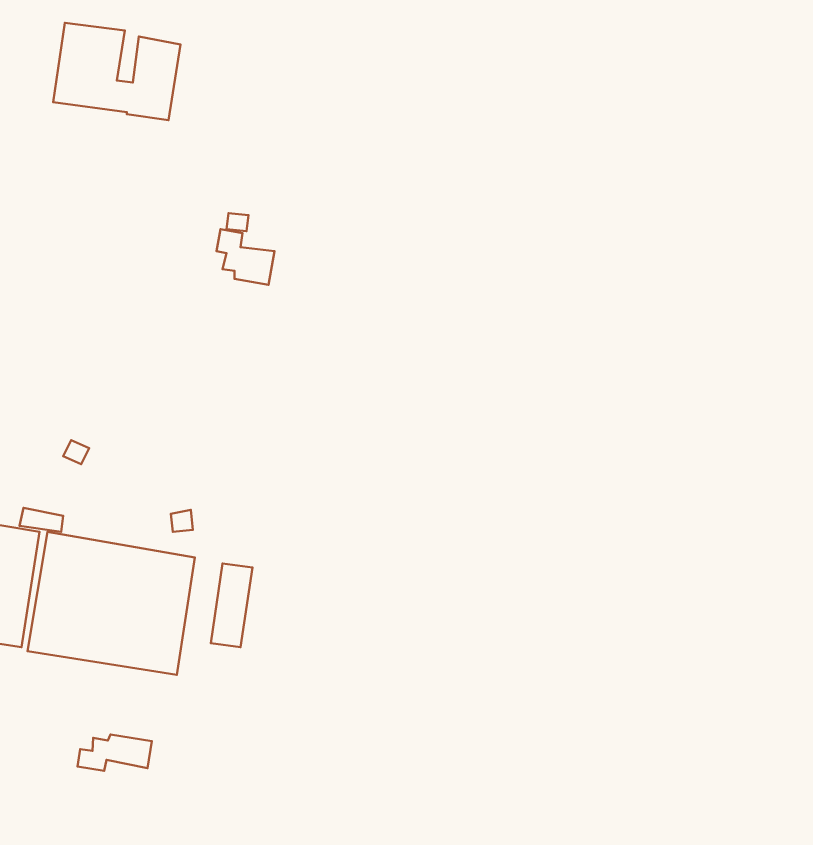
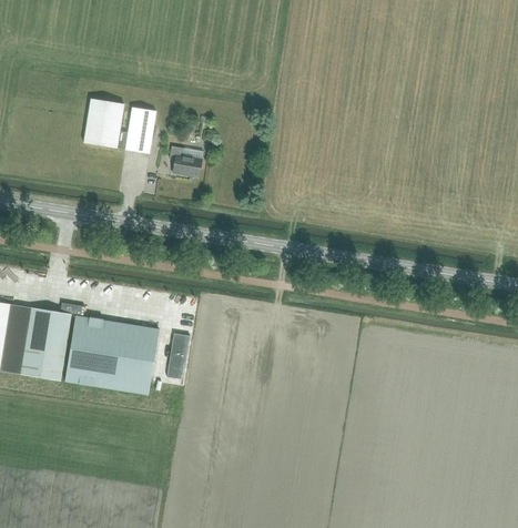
building: [53,23,181,120] -> [84,99,155,153]
building: [77,735,152,771] -> none

